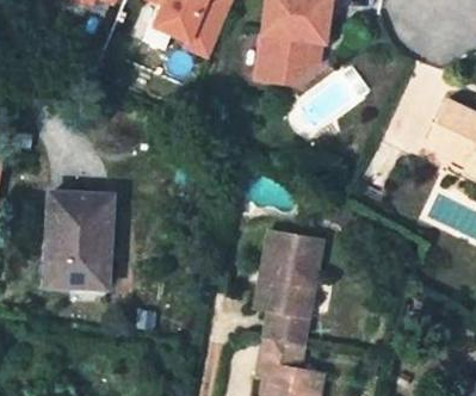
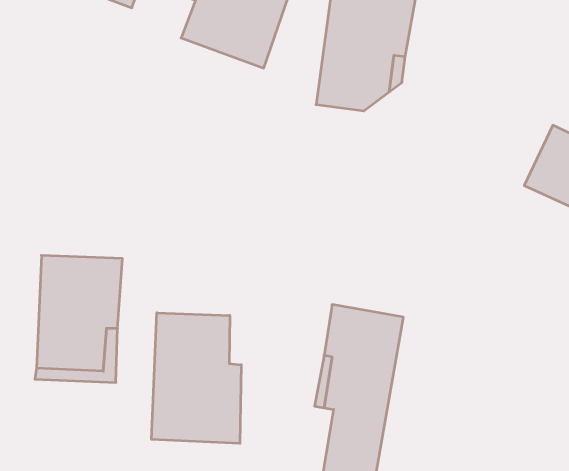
building: none -> [152,313,241,443]

